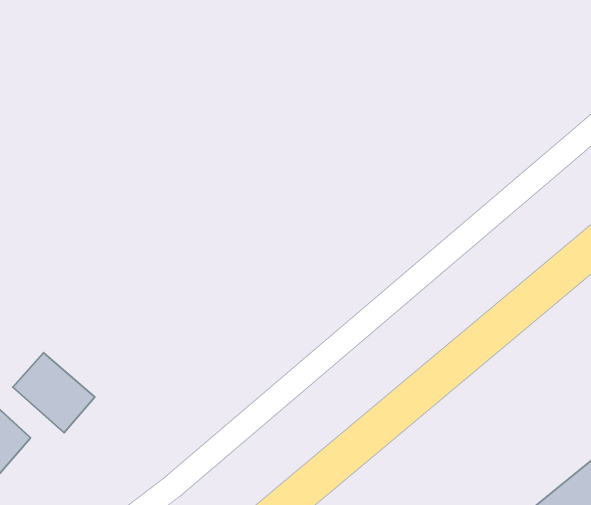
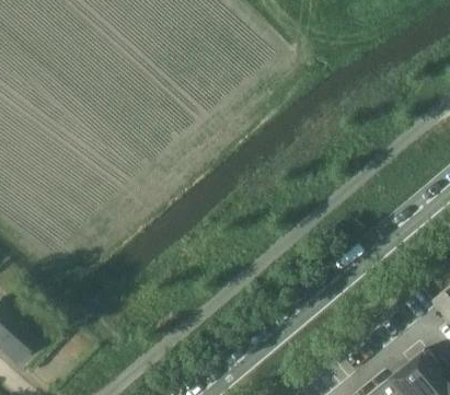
building: [13,353,95,433] -> none

